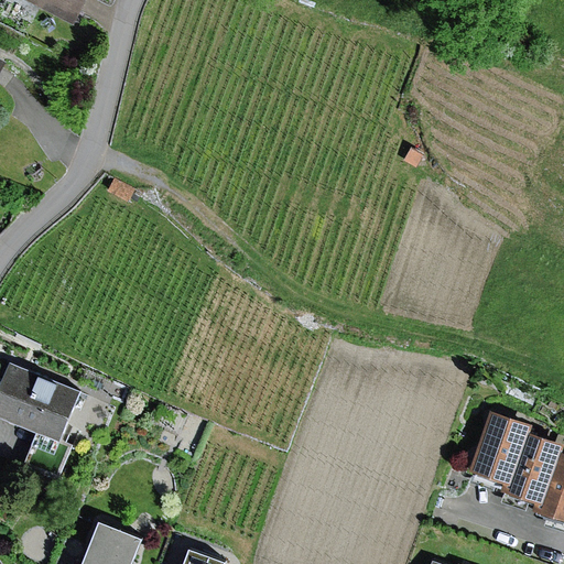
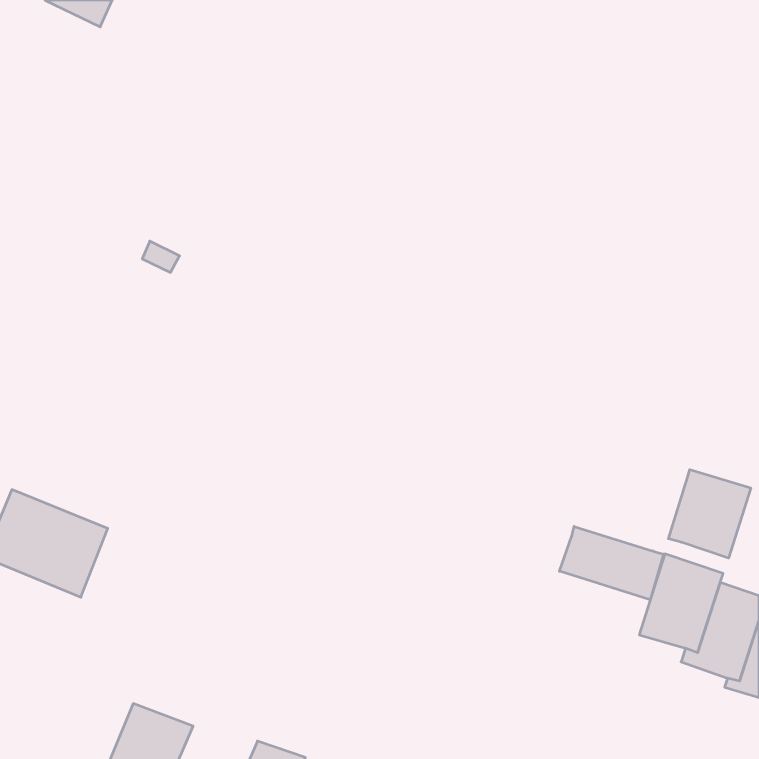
building: none -> [668,470,751,558]
building: none -> [559,526,663,600]

